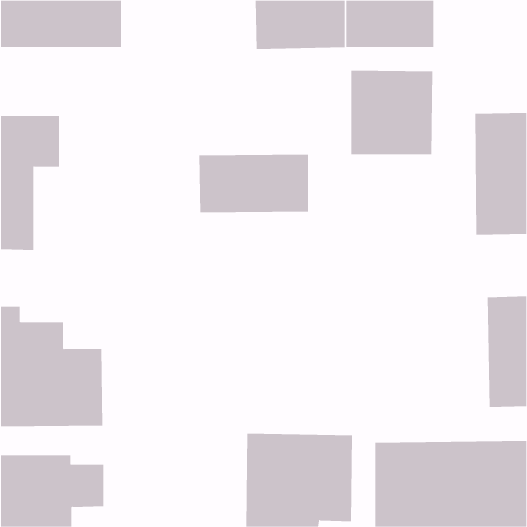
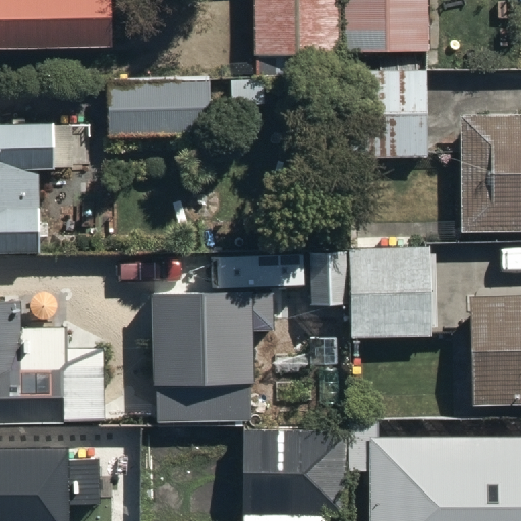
building: [198,154,309,213] -> [107,79,216,137]
building: none -> [354,242,431,338]
building: none -> [157,292,271,421]

